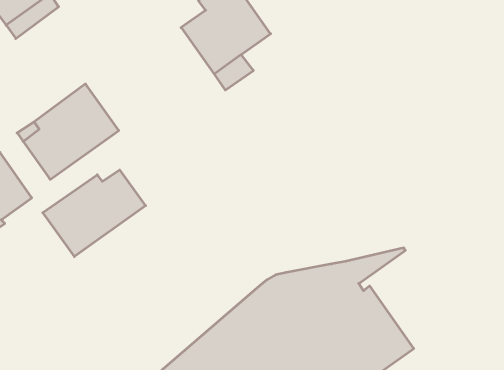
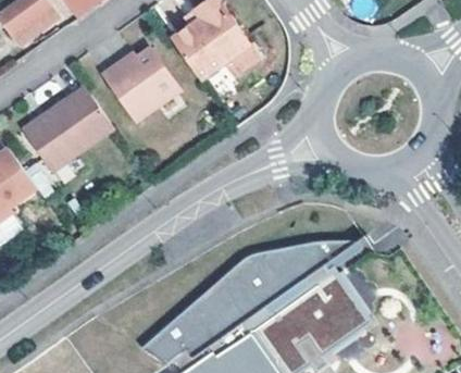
building: none -> [101,47,177,120]
building: [43,170,146,257] -> none

